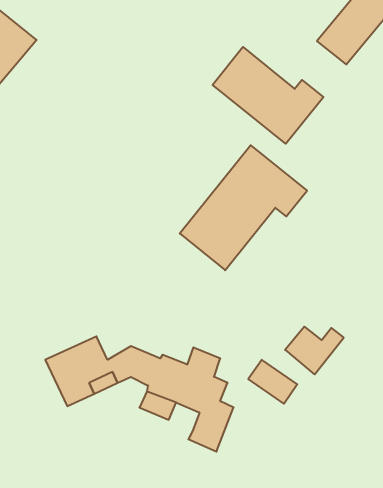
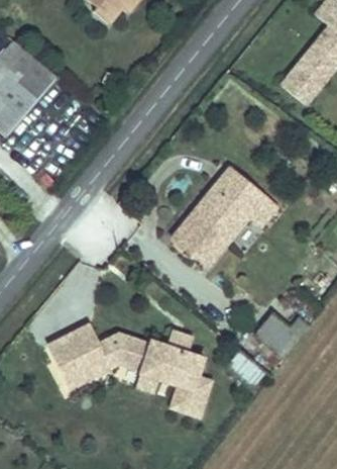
building: [213,47,323,144] -> none

